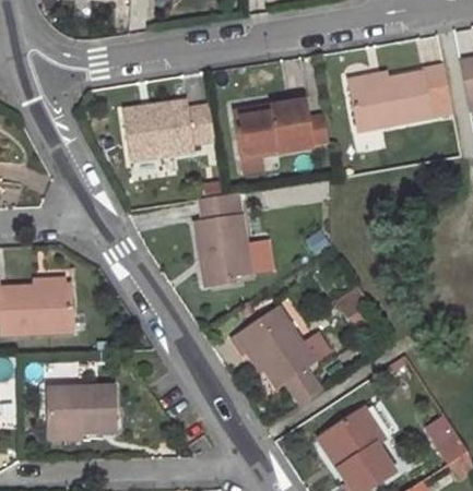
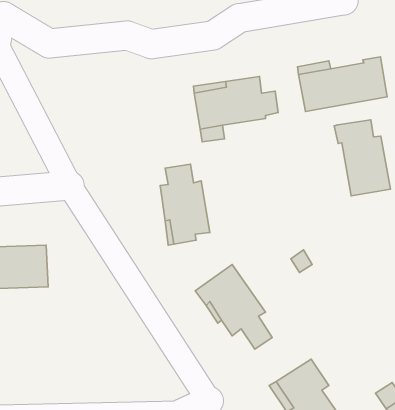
building: [126,98,217,156] -> none
building: none -> [334,120,390,196]
building: [42,384,113,434] -> none

